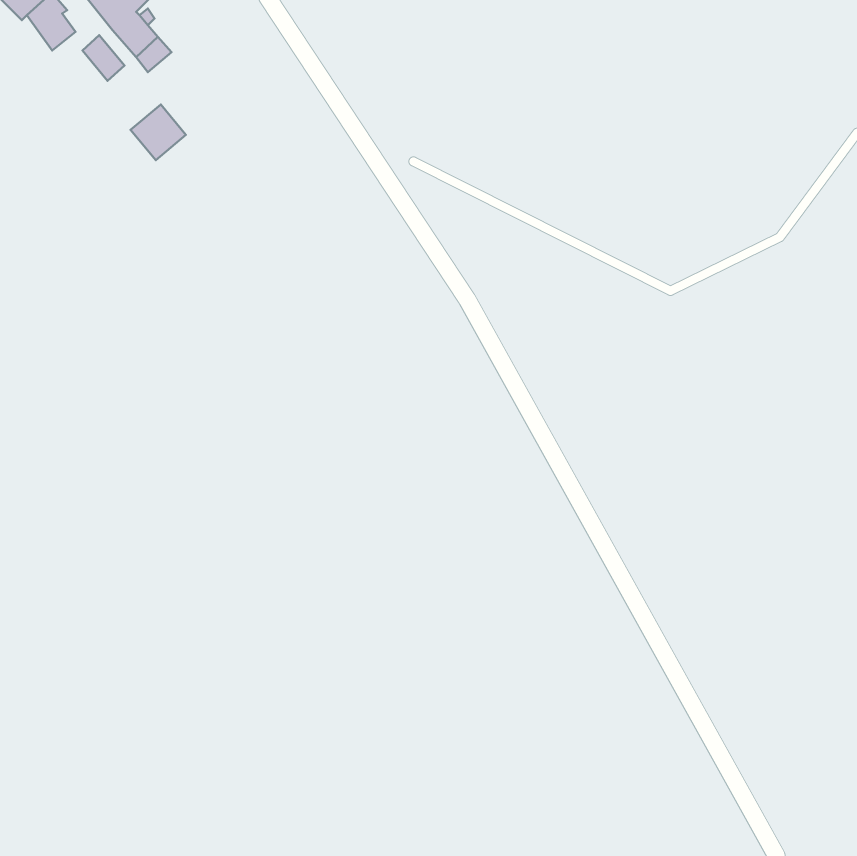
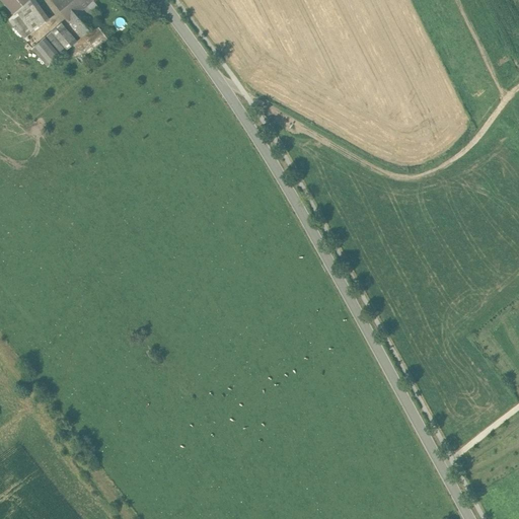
building: [130,105,186,160] -> [31,30,65,64]

